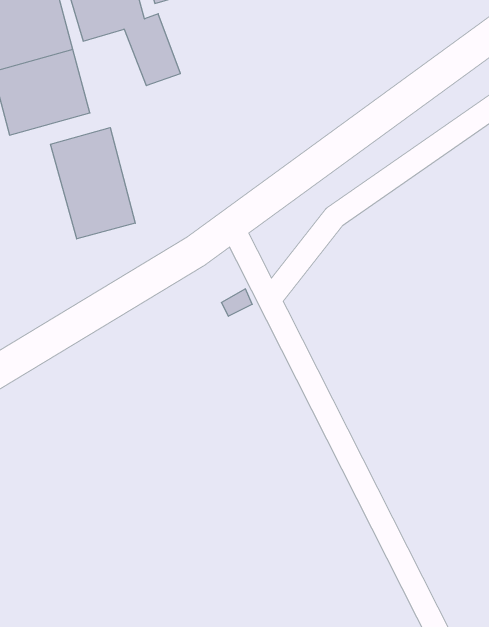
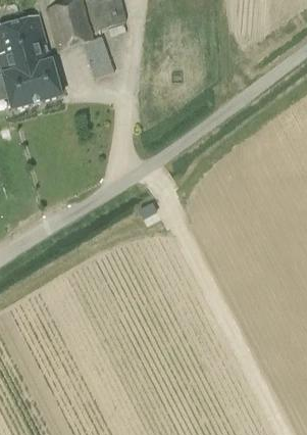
building: [50,128,135,239] -> none

